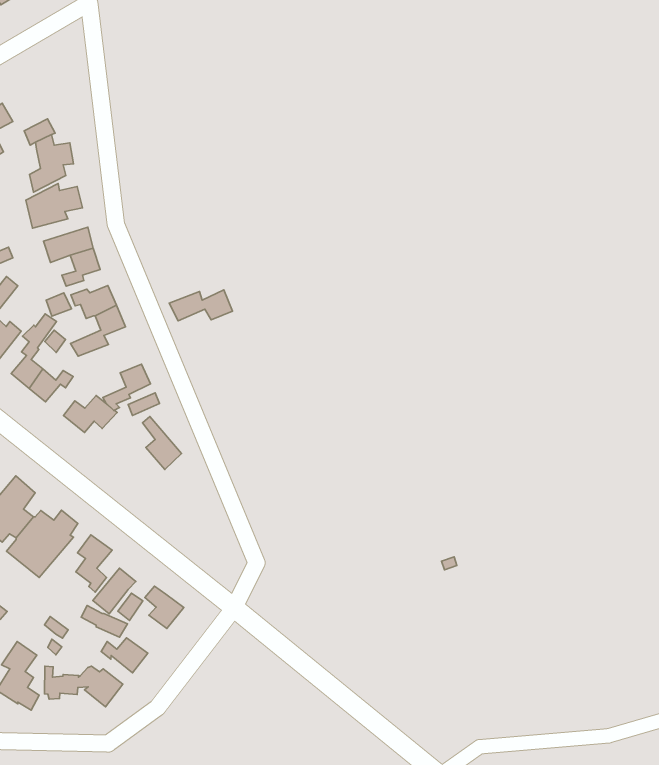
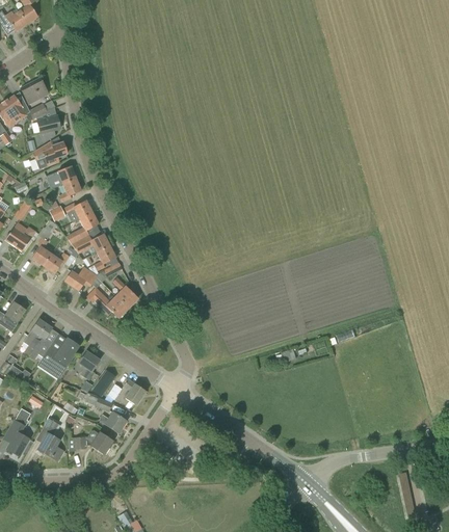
building: none -> [20,78,49,105]
building: [169,290,232,321] -> [72,234,110,255]
building: none -> [87,288,129,318]

